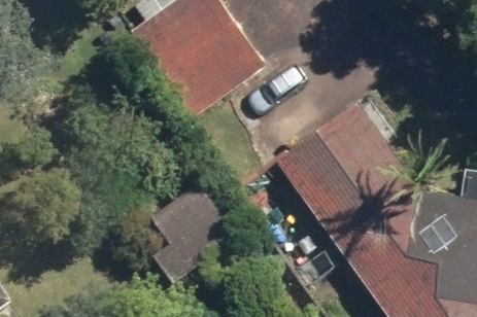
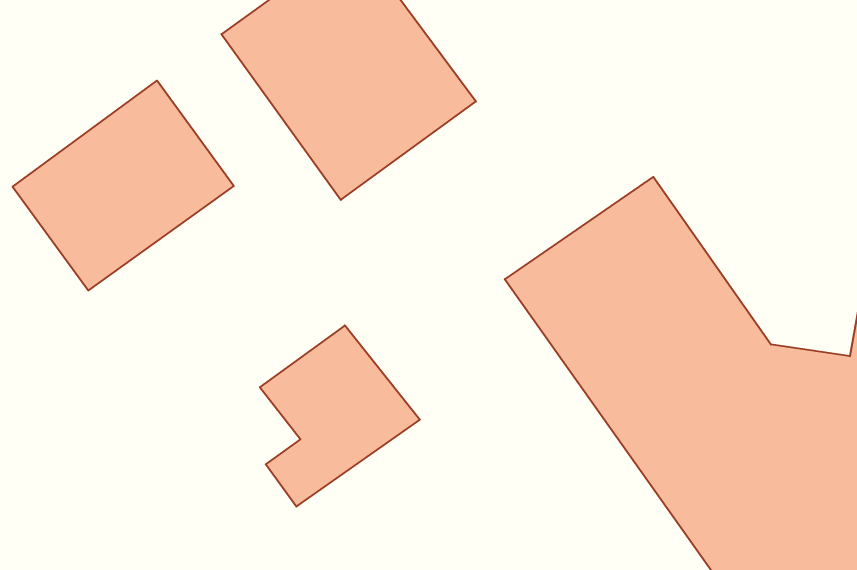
building: none -> [13,81,234,290]

